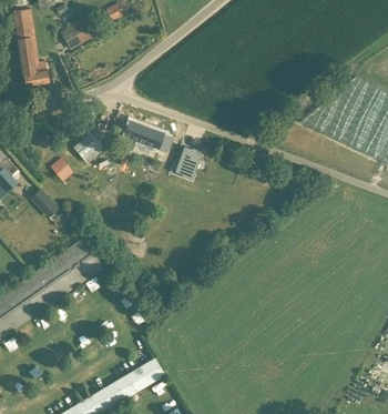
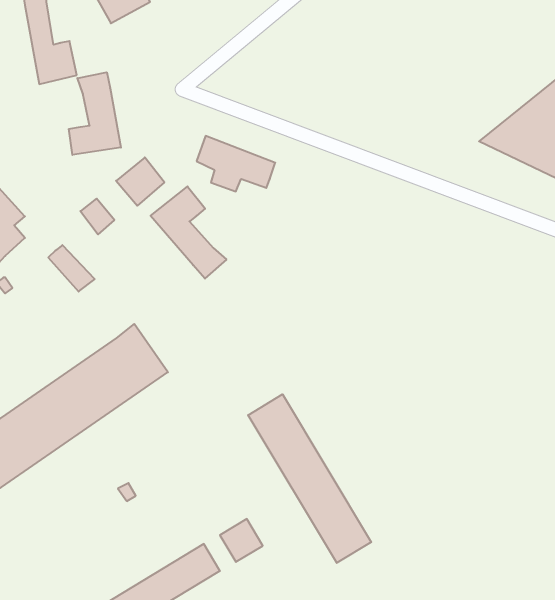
building: none -> [69,72,121,155]
building: [176,145,202,178] -> none
building: none -> [151,186,226,279]
building: none -> [248,394,371,563]

